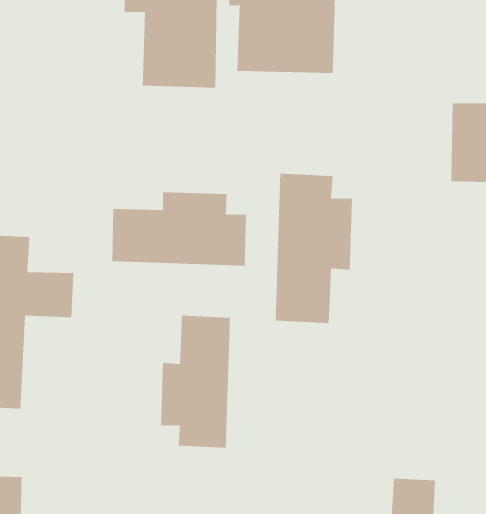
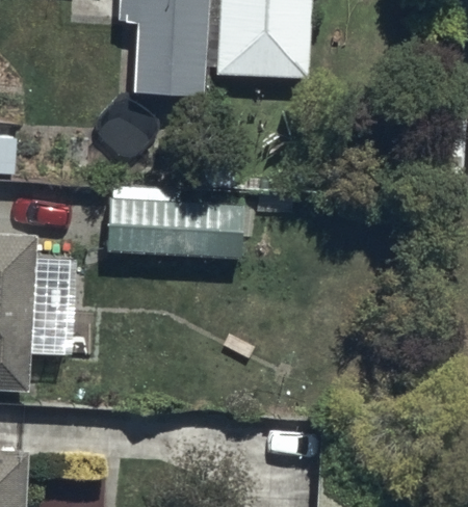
building: [275,173,352,324] -> none
building: [161,315,231,448] -> none

